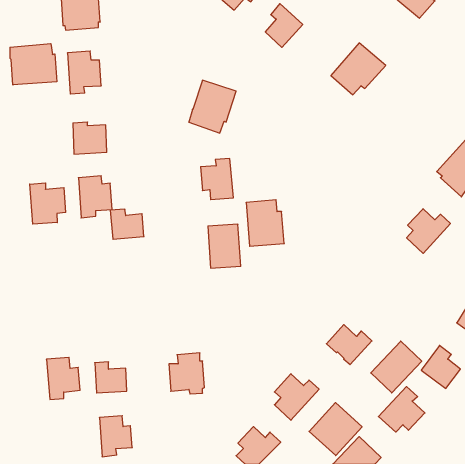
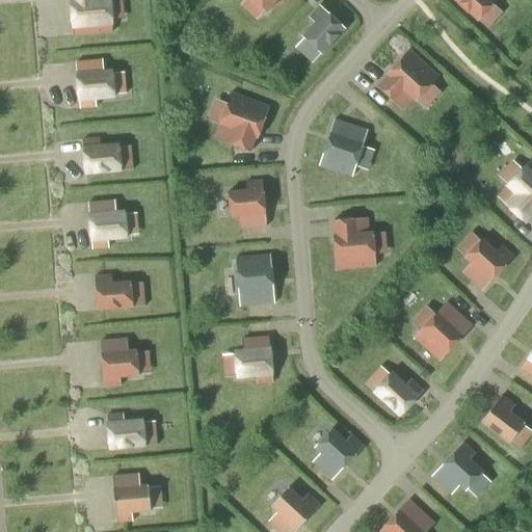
building: [10,44,57,85] -> none
building: none -> [320,118,368,176]
building: [30,183,66,224] -> none
building: [246,200,284,246] -> [334,217,377,270]
building: [110,209,144,239] -> [96,275,134,310]
building: [371,341,422,393] -> [416,301,474,361]
building: [169,353,204,394] -> [235,336,275,382]
building: [46,357,80,399] -> [102,338,140,385]
building: [309,403,362,456] -> none

